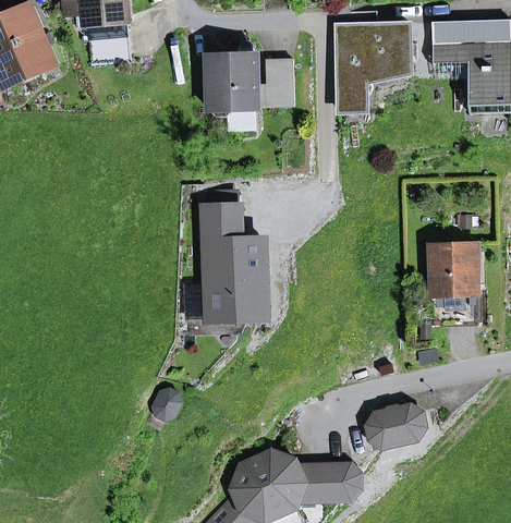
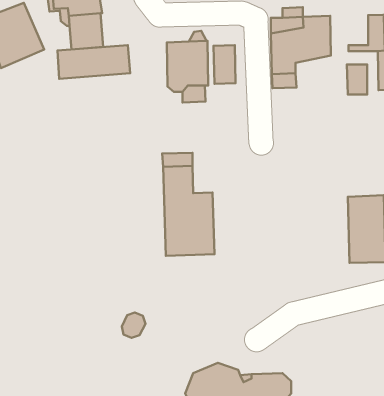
building: [431,21,457,58] -> [347,65,367,95]
building: none -> [58,45,130,79]
building: [367,404,426,447] -> none

